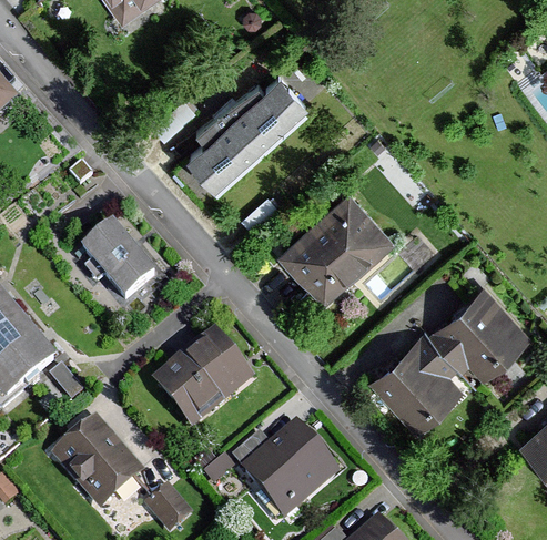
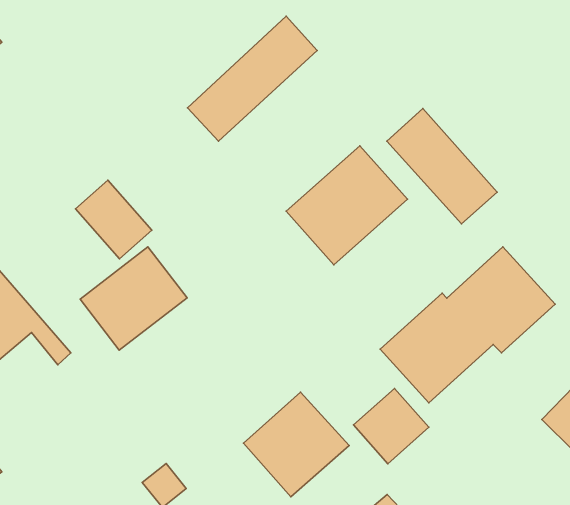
building: none -> [387,108,497,224]
building: [153,330,253,427] -> [80,247,187,350]
building: [51,415,144,509] -> none
building: none -> [353,388,429,464]

